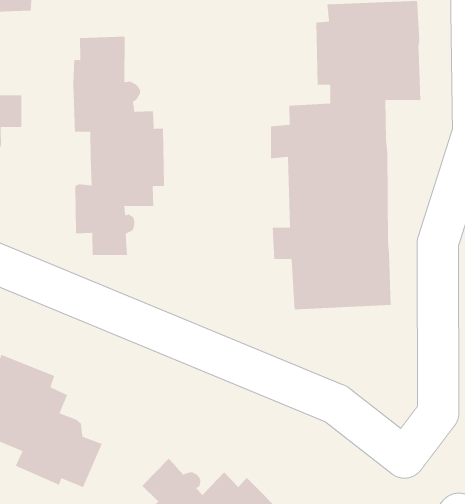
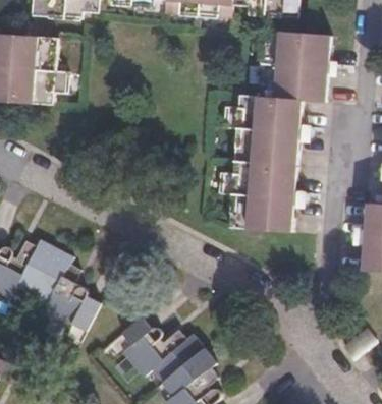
building: [73,36,165,256] -> none

